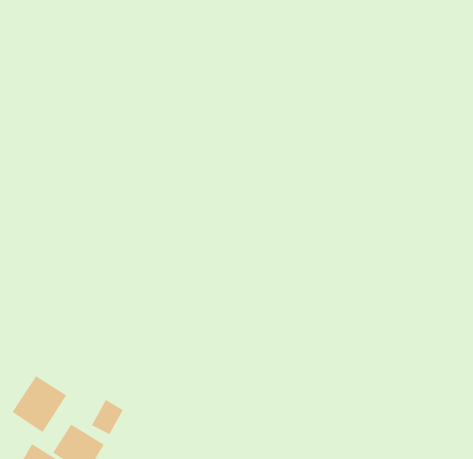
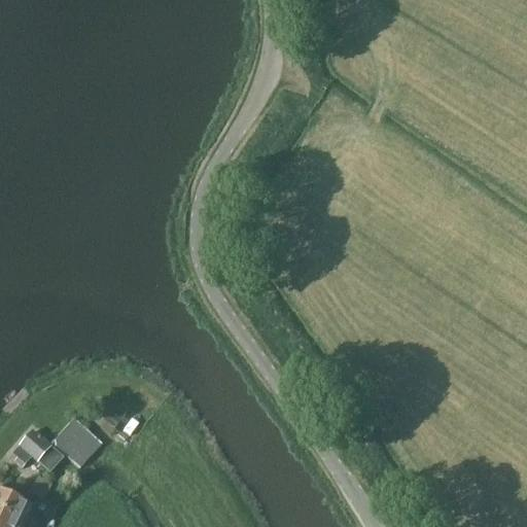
building: [11,375,67,433] -> none

